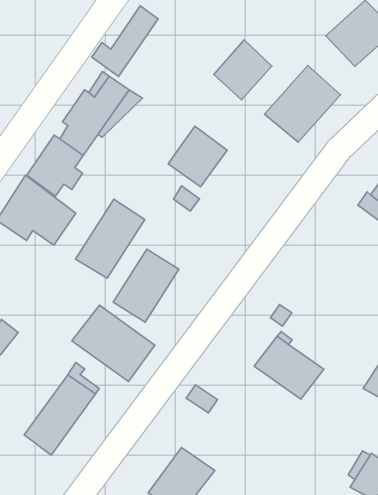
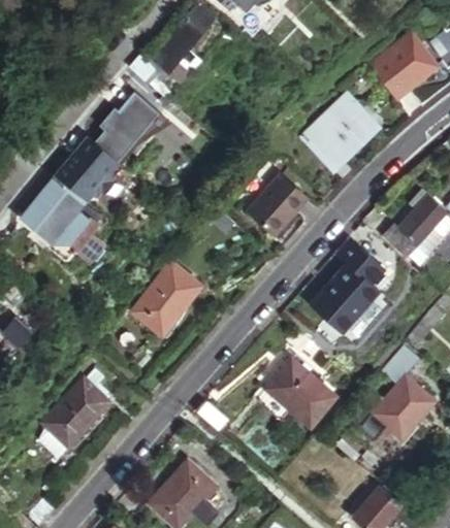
building: [214,40,272,100] -> none
building: [168,126,227,187] -> [245,174,304,235]
building: [75,199,145,278] -> none
building: none -> [311,236,384,331]
building: [72,305,155,382] -> none

